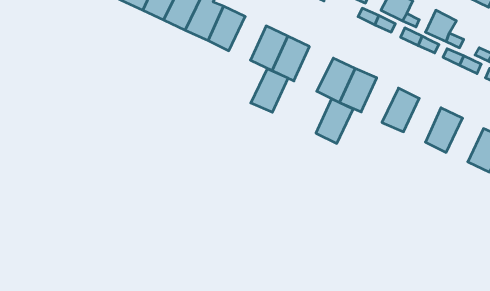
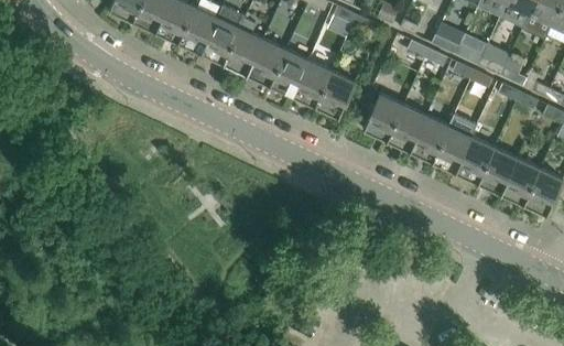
building: [251,69,288,112] -> [269,48,308,95]
building: none -> [455,136,495,182]
building: [316,99,353,143] -> [410,113,449,161]
building: none -> [500,156,540,203]

